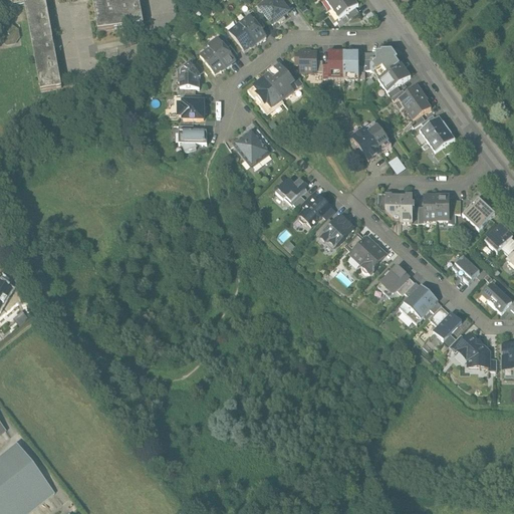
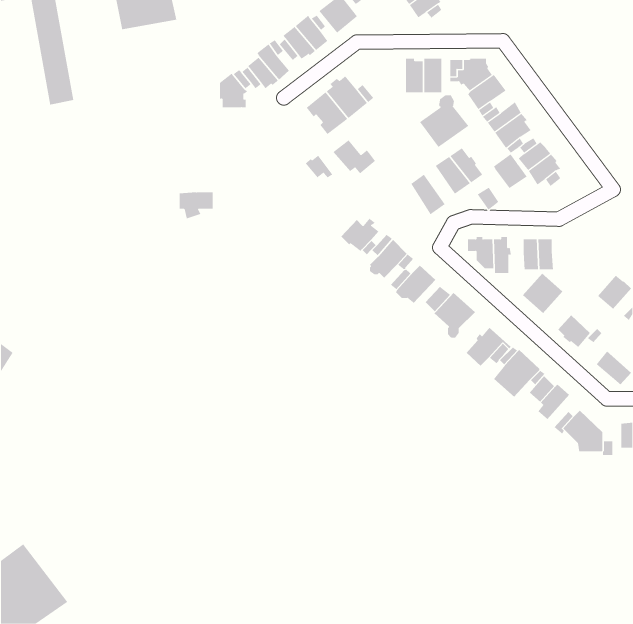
building: [295,47,316,68] -> none
building: none -> [419,94,469,148]
building: [179,99,204,118] -> none
building: none -> [493,154,527,189]
building: [179,130,207,152] -> [179,192,214,219]
building: [234,133,269,161] -> [333,140,376,174]
building: none -> [410,174,445,215]
building: [462,195,495,228] -> [522,273,563,314]

